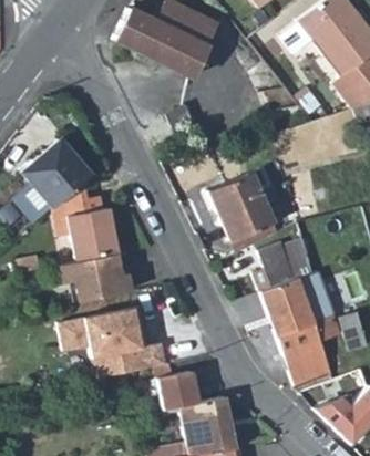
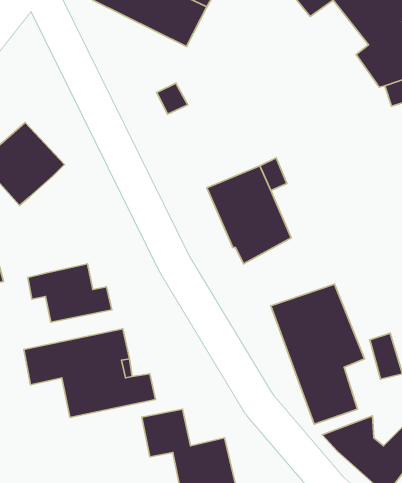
building: [52,182,117,261] -> none
building: [253,241,312,288] -> none

